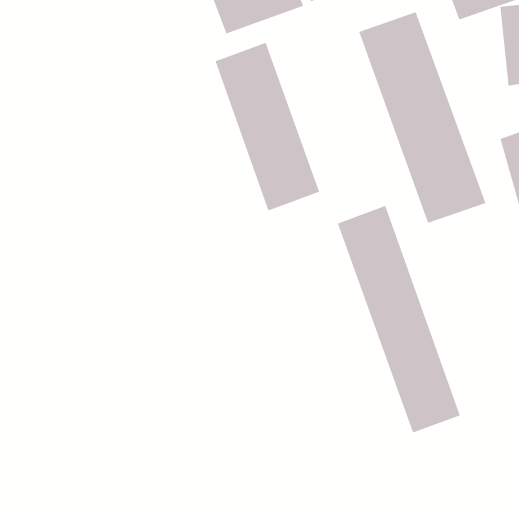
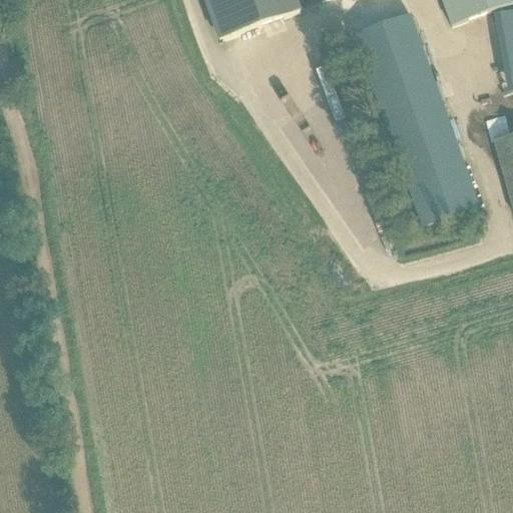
building: [214,42,320,212] -> none
building: [337,205,461,434] -> none

